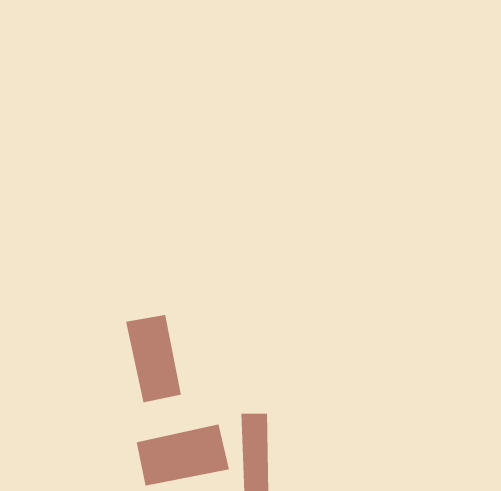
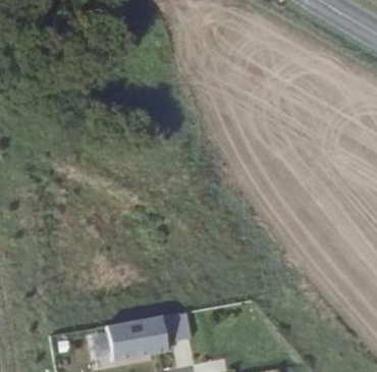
building: [125,314,181,403] -> none

